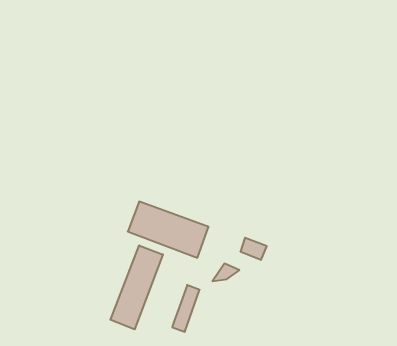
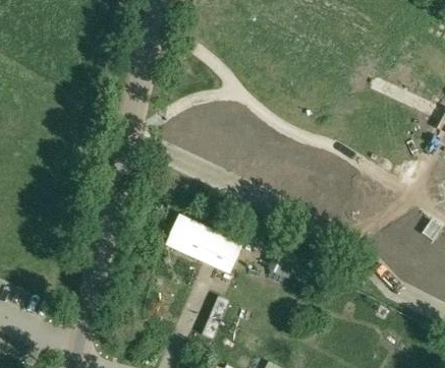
building: [110,245,163,329] -> none

